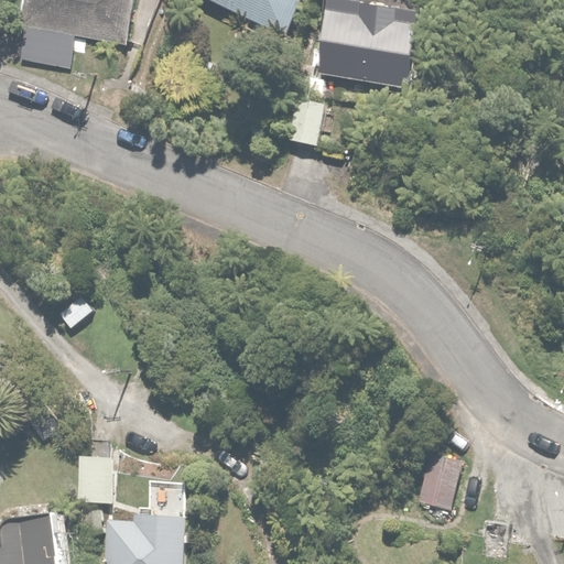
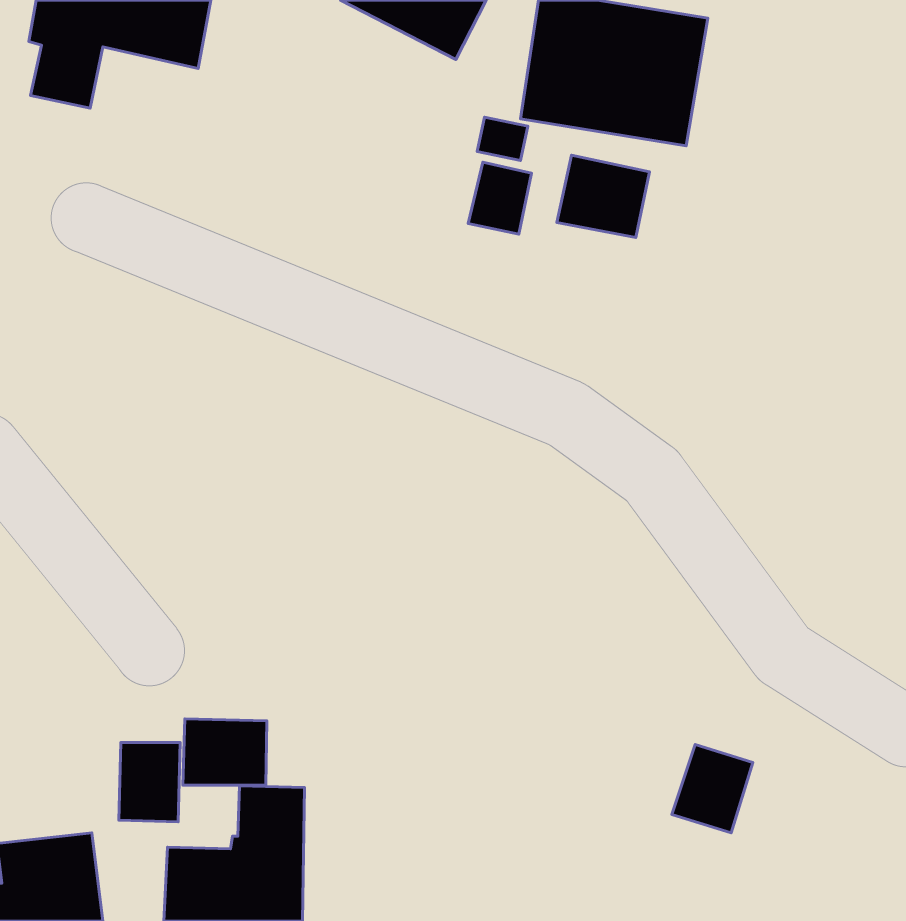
building: none -> [557,155,649,237]
building: none -> [183,719,267,785]

